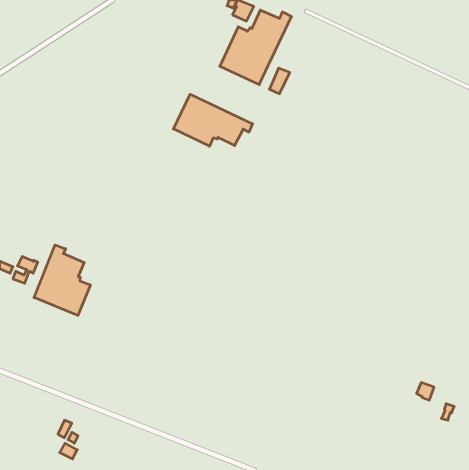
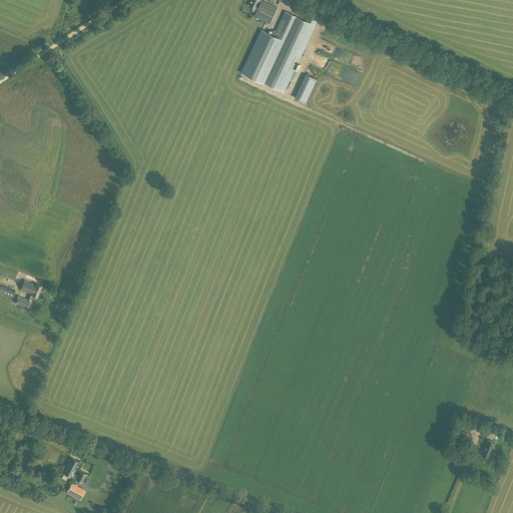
building: [173,94,253,146] -> none
building: [34,245,90,315] -> none

